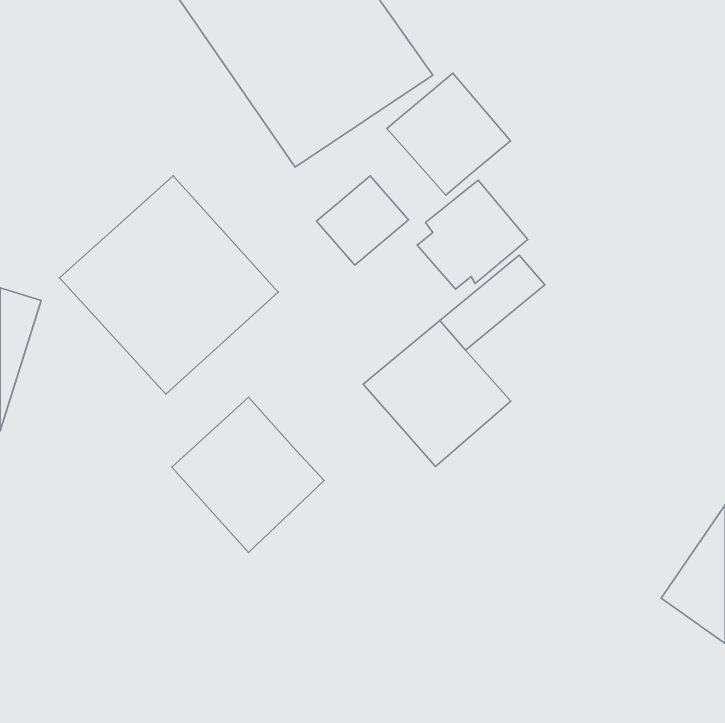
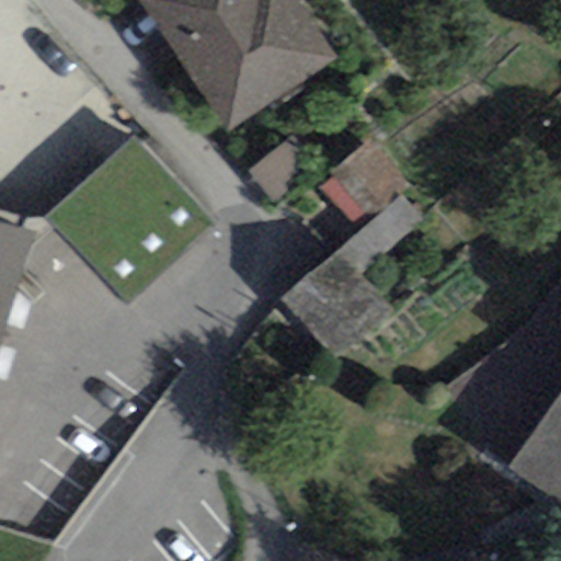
building: [387,73,511,195] -> none
building: [172,397,324,552] -> none

